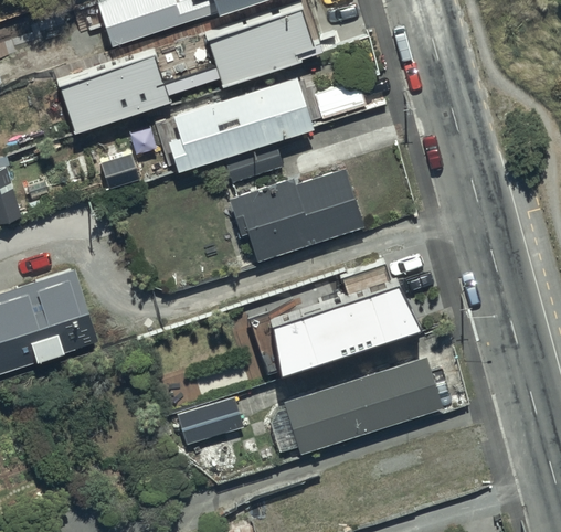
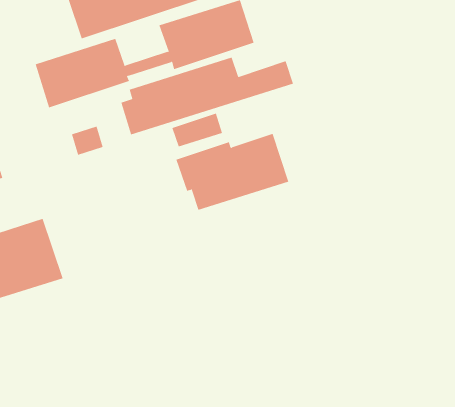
building: [274,285,424,381] -> none
building: [268,354,440,453] -> none
building: [174,395,242,444] -> none

